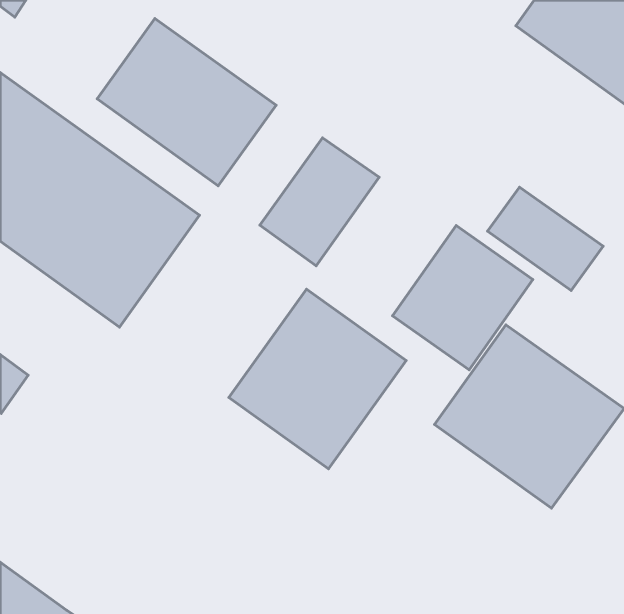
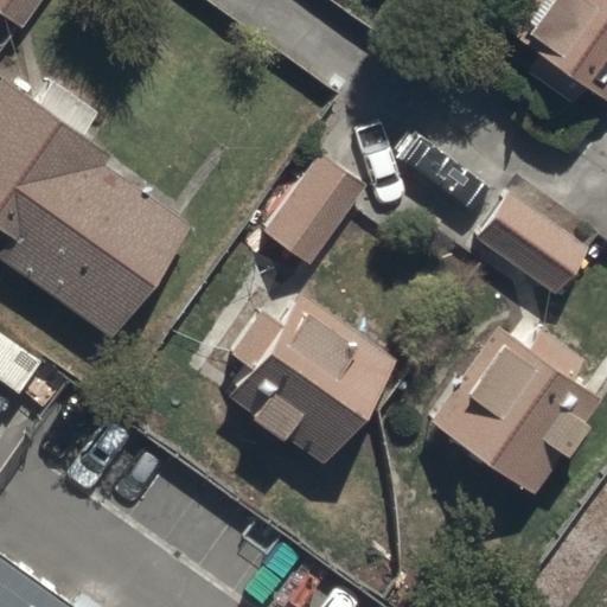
building: [97,18,276,186] -> none
building: [393,226,533,370] -> none

